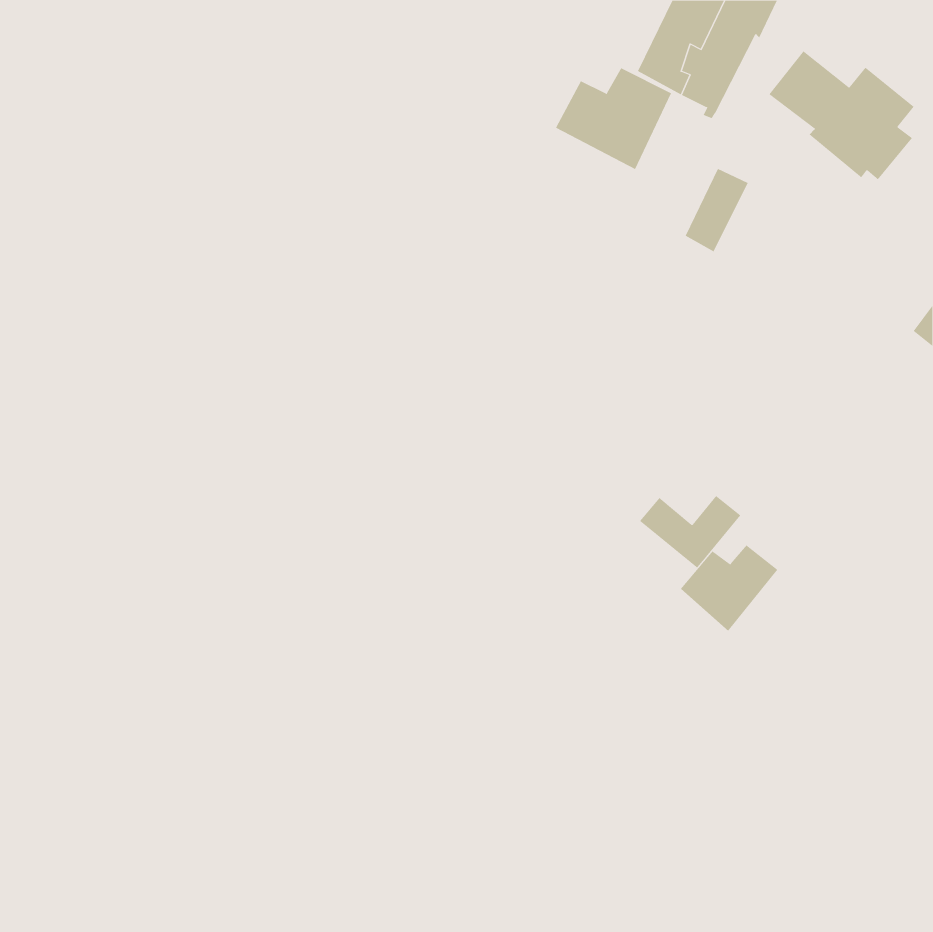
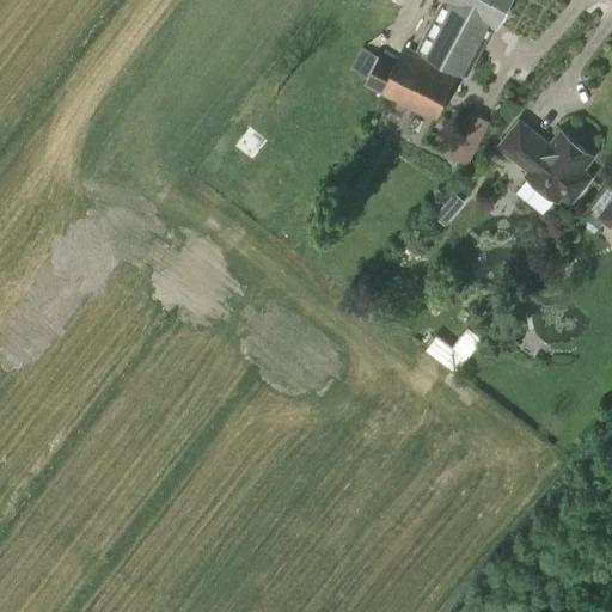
building: [769,50,915,180] -> [497,120,593,204]
building: none -> [416,62,460,122]
building: [680,544,778,631] -> none

